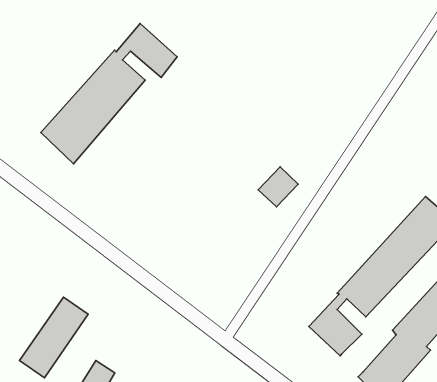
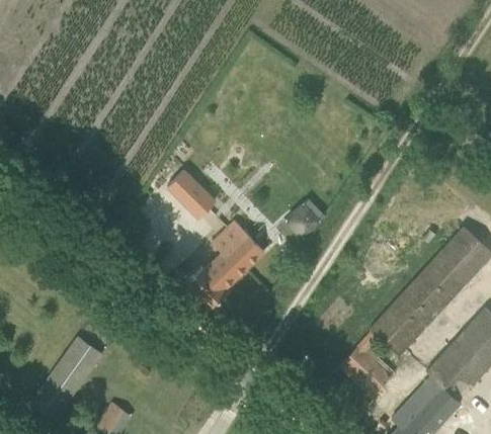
building: [41,24,177,164] -> none
building: none -> [166,170,215,219]
building: none -> [184,222,262,309]

